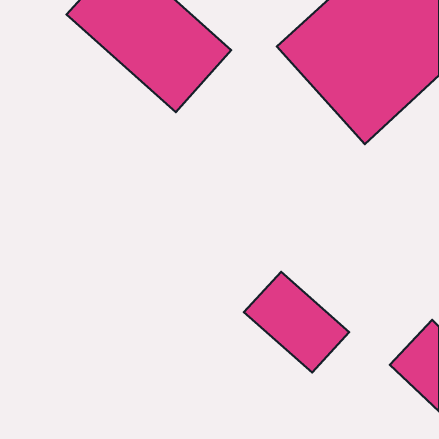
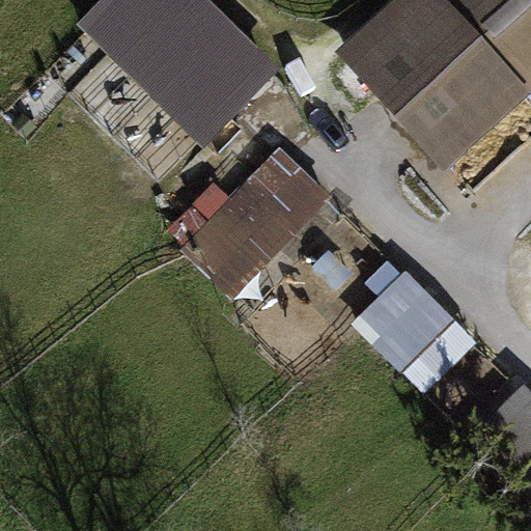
building: none -> [176,144,335,302]
building: [244,272,349,373] -> [356,275,482,396]

